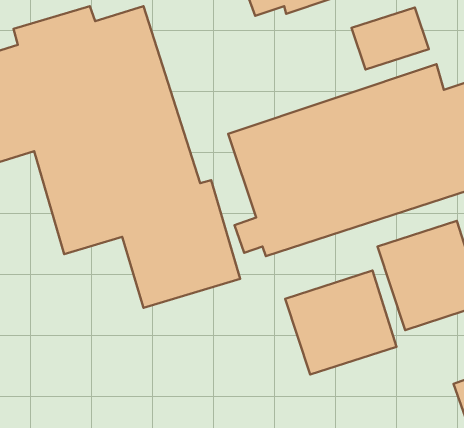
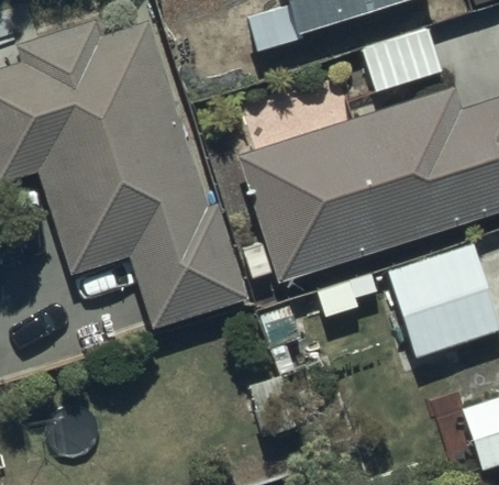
building: [285,271,396,375] -> none

